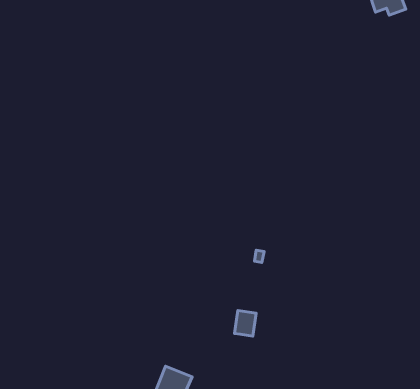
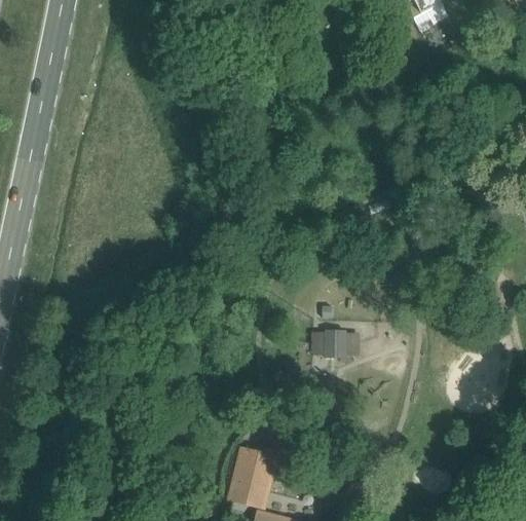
building: [235,310,256,336] -> [324,331,344,357]

